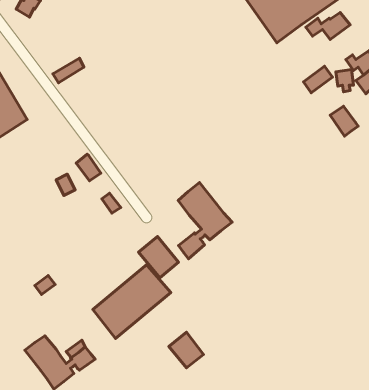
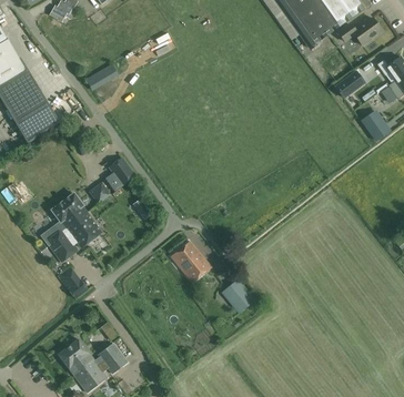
building: [178,183,232,259] -> none
building: none -> [44,192,101,261]
building: [93,264,171,338] -> none
building: [169,332,203,368] -> [221,277,255,313]

